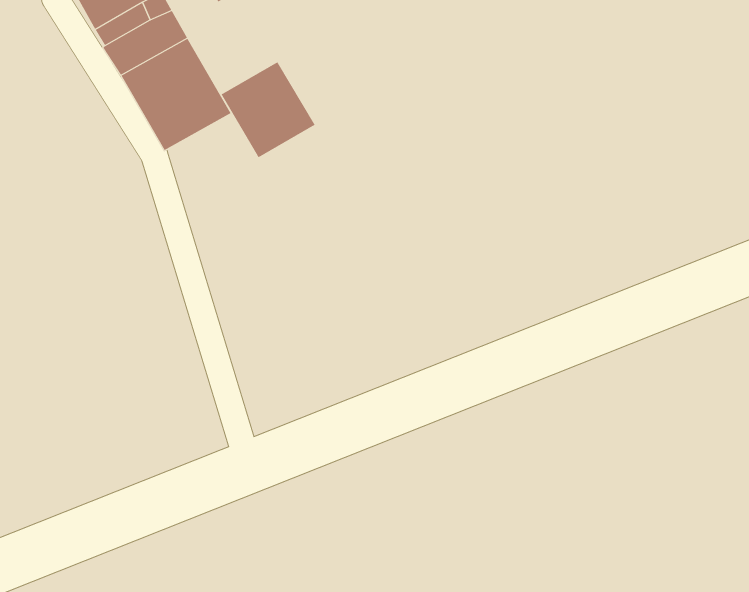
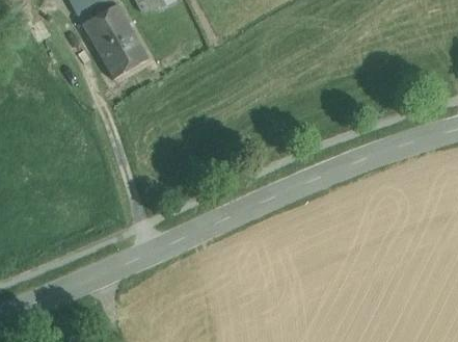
building: [221,61,315,158] -> none

